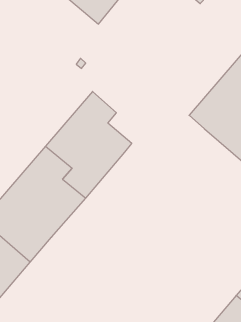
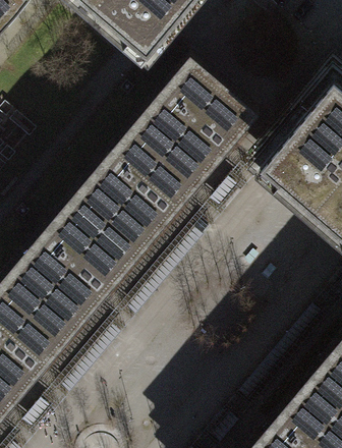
building: none -> [138,70,251,197]

